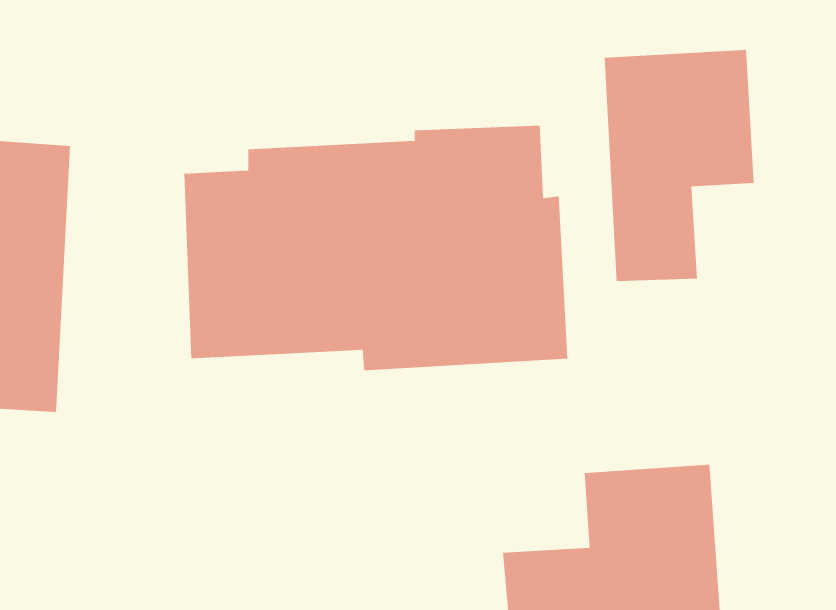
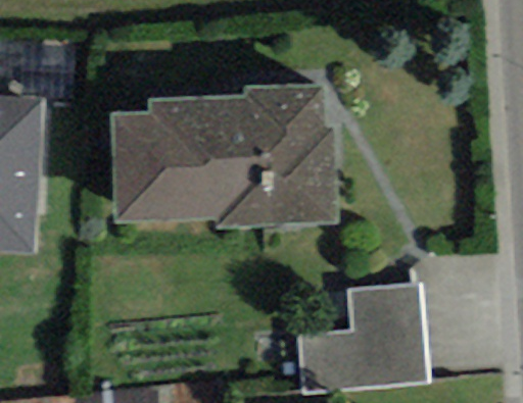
building: [604,49,754,282] -> none

